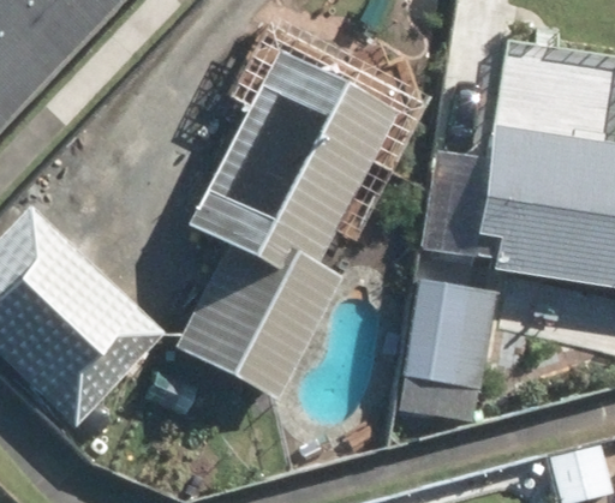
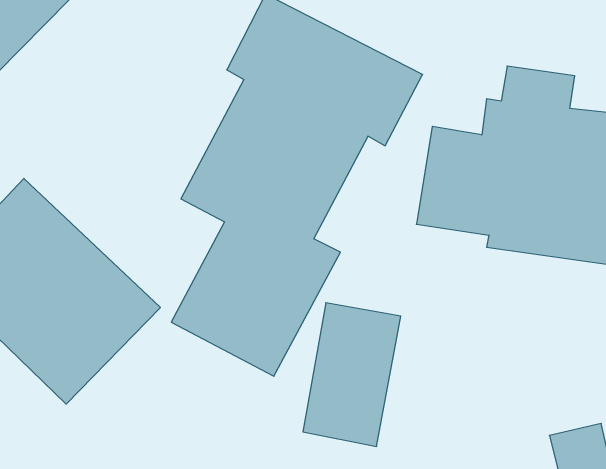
building: [399,280,496,423] -> [303,303,401,446]

